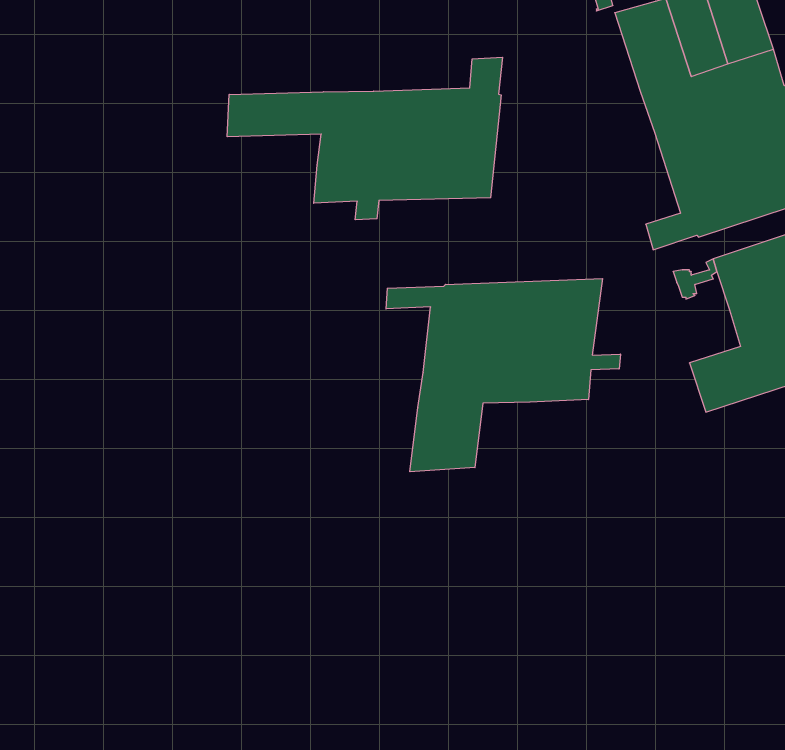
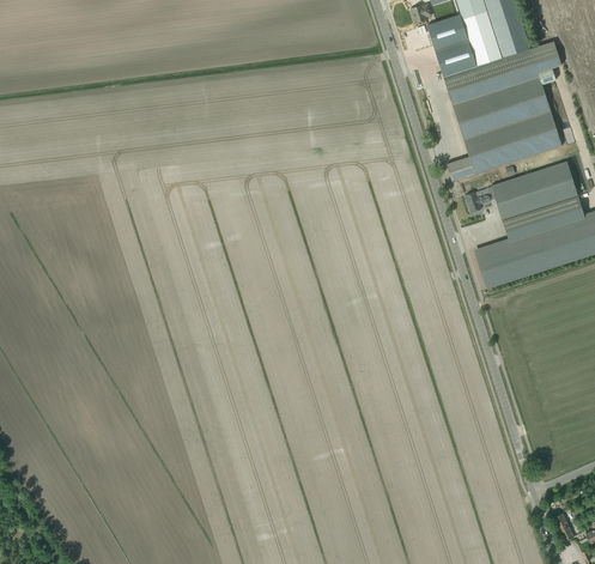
building: [227,57,503,220] -> none
building: [386,279,620,472] -> none

